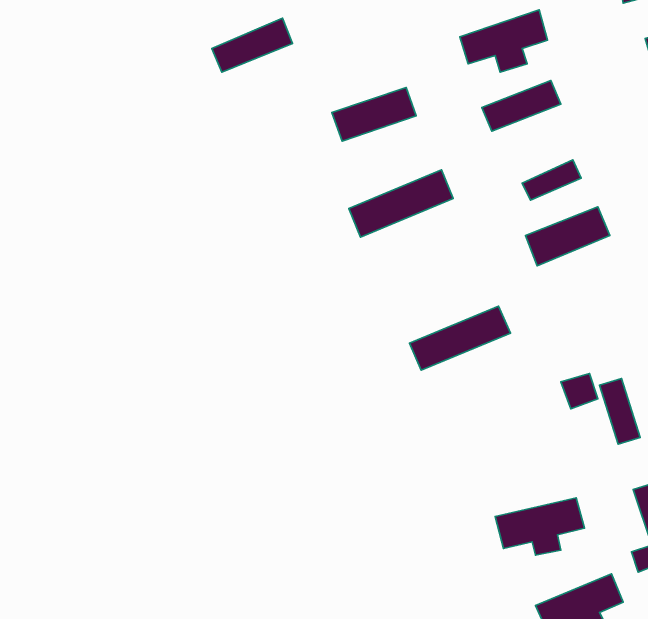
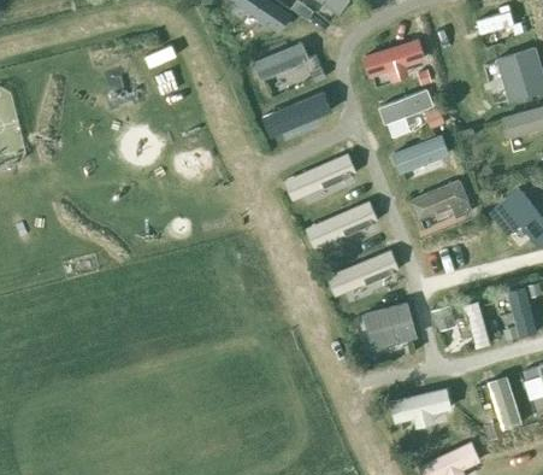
building: [212,18,293,72] -> [252,42,309,81]
building: none -> [305,200,378,248]
building: none -> [360,301,417,351]

